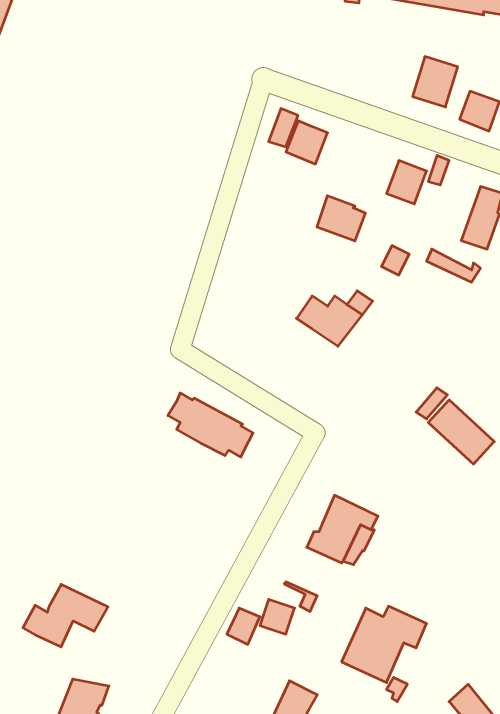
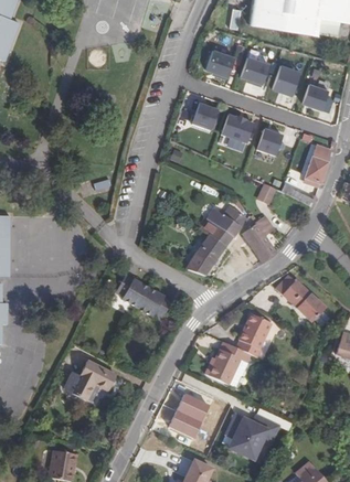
building: none -> [205,45,235,76]
building: none -> [241,52,272,83]
building: [317,196,365,241] -> [222,114,253,142]
building: none -> [242,216,277,263]
building: none -> [187,235,225,275]
building: none -> [236,313,272,356]
building: [23,584,108,647] -> [63,361,117,400]

